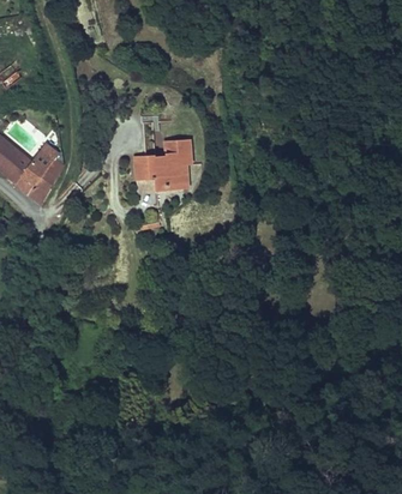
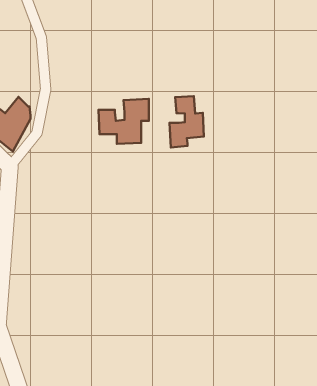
building: none -> [170,96,204,148]

